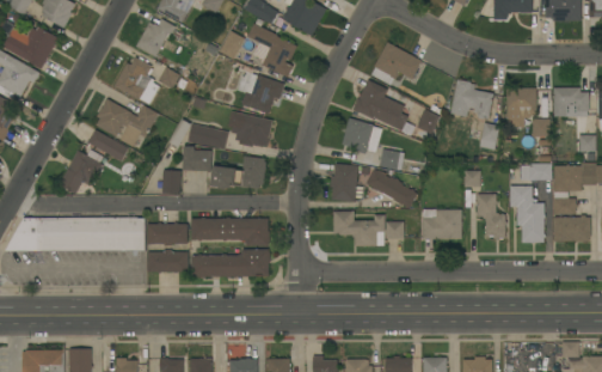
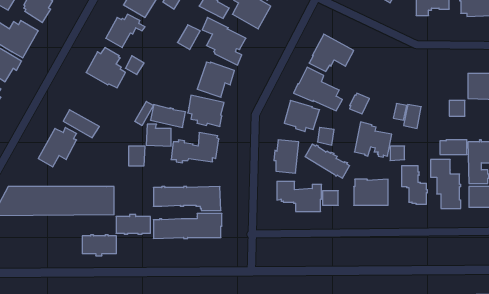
building: [450,79,493,120] -> [354,122,392,157]
building: [506,89,536,118] -> none
building: [96,99,159,147] -> none
building: [148,222,188,246] -> [82,235,116,256]

